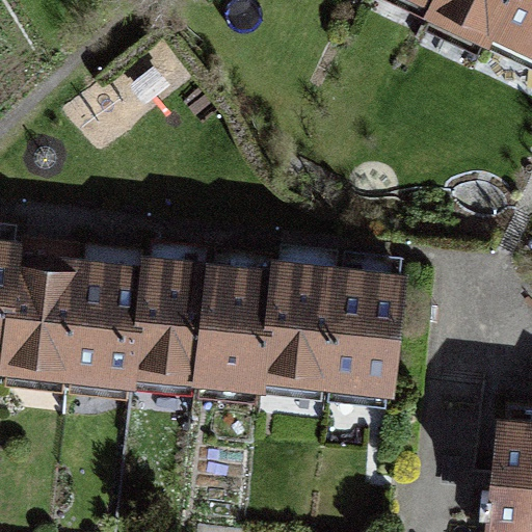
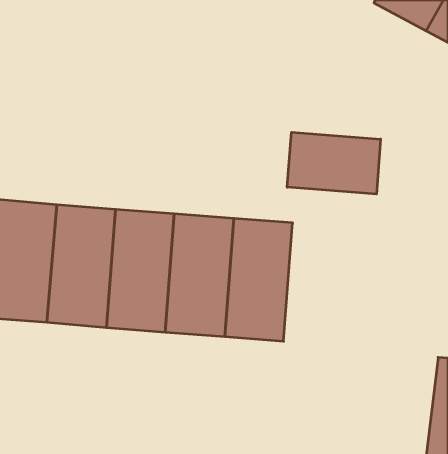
building: none -> [287,132,381,194]
building: [326,265,405,406] -> none

